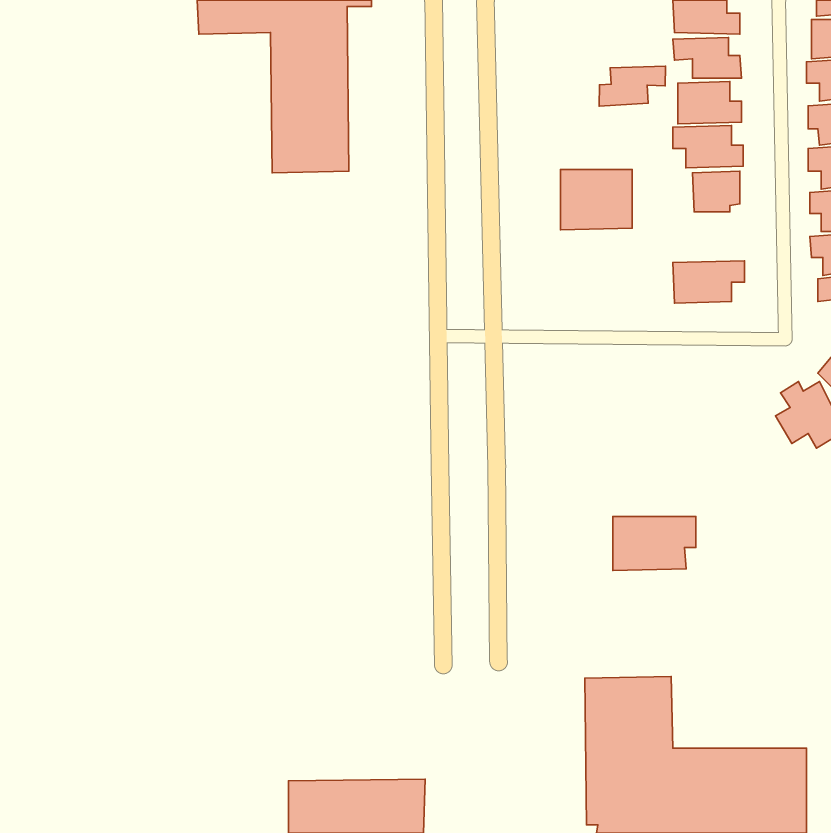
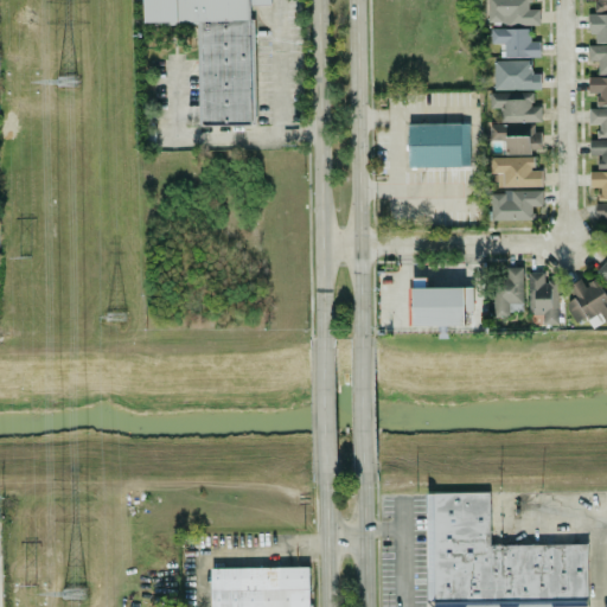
building: [599,66,666,106] -> none
building: none -> [491,156,542,186]
building: none -> [494,267,524,317]
building: none -> [529,270,560,324]
building: [613,517,696,570] -> [413,287,473,326]

